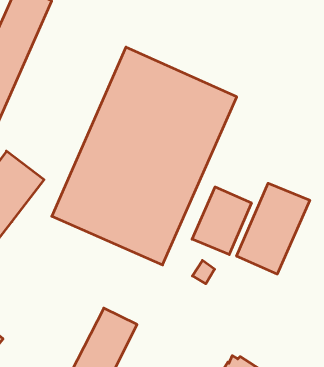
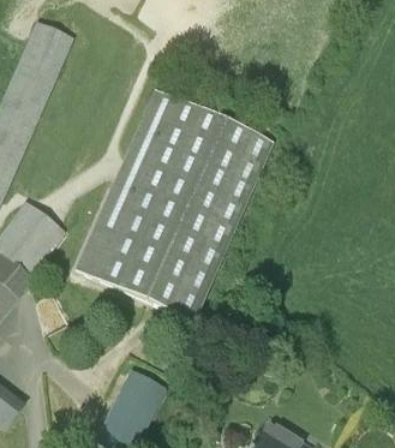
building: [237,183,310,274] -> none
building: [192,187,251,255] -> none

